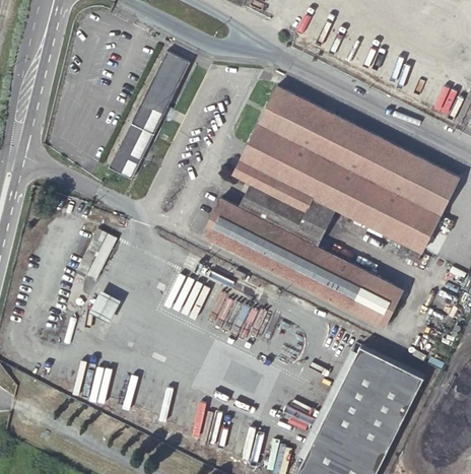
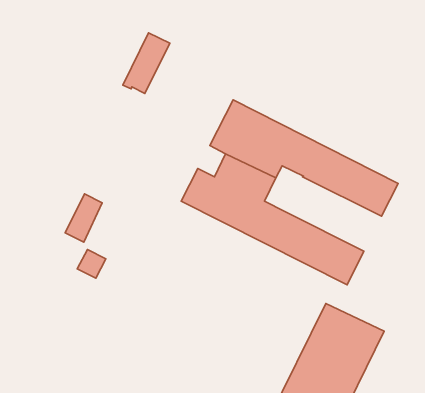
building: [259,87,459,216] -> none
building: [108,109,162,181] -> none
building: [293,197,336,247] -> none

